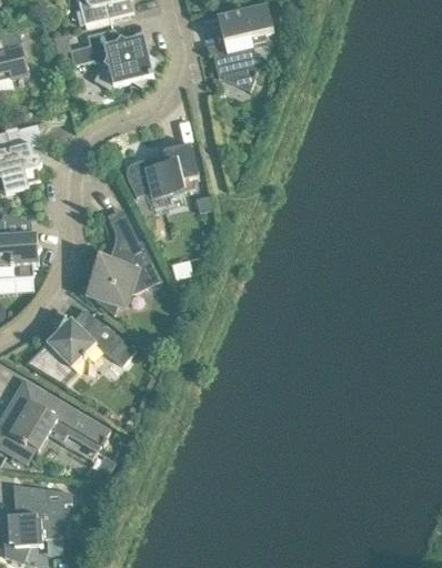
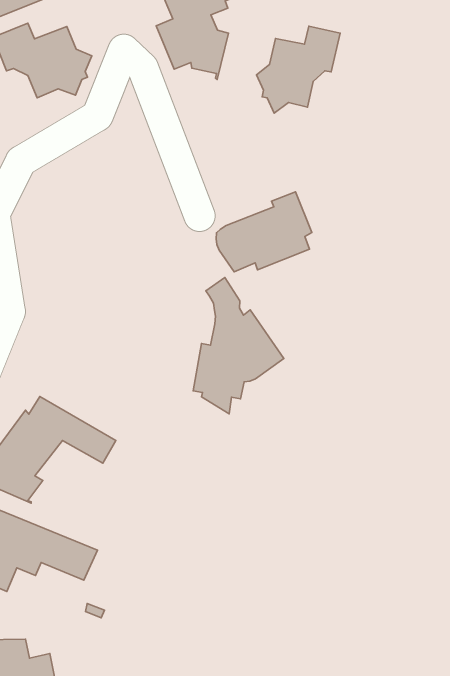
building: none -> [257,26,340,113]
building: [125,143,198,197] -> [216,192,312,272]
building: [89,213,160,315] -> [193,278,284,414]

